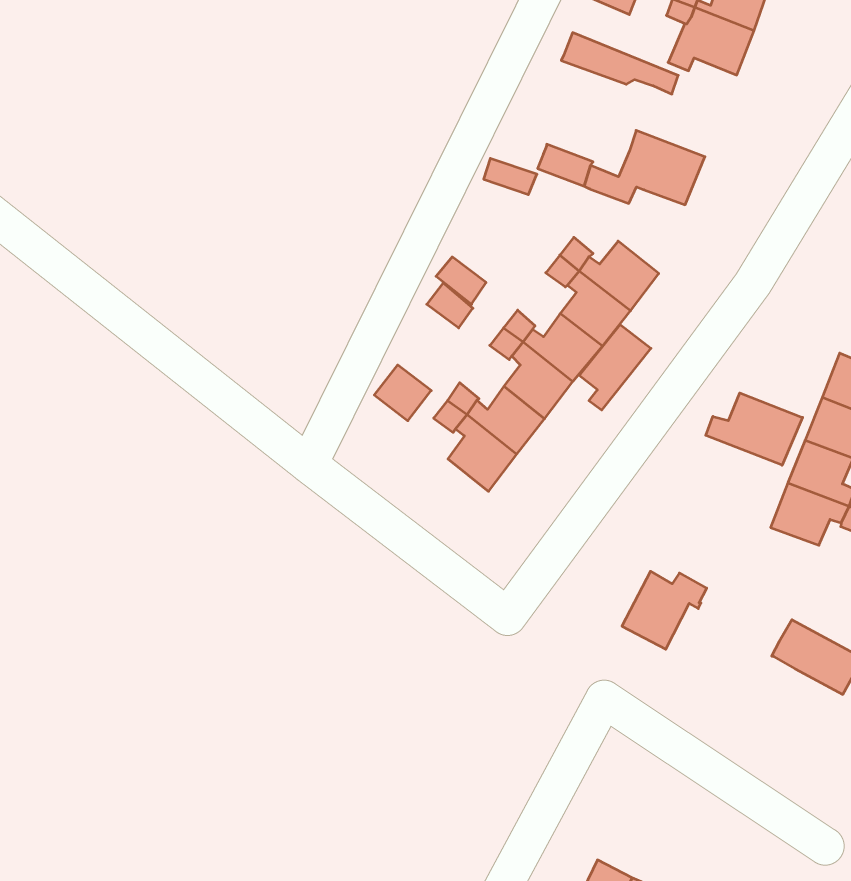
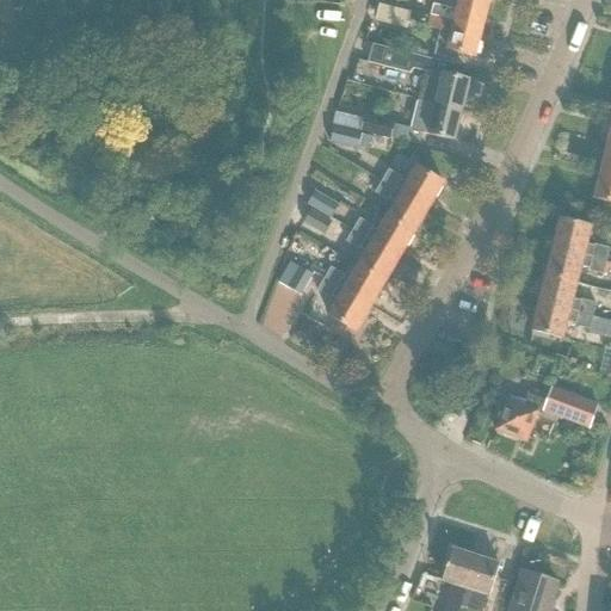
building: none -> [419,68,470,107]
building: [579,324,651,410] -> none
building: [706,393,803,465] -> none
building: [622,571,707,649] -> [498,391,547,439]

